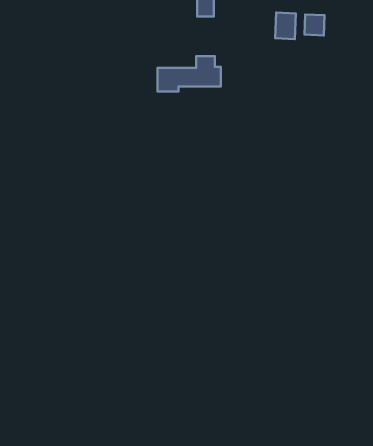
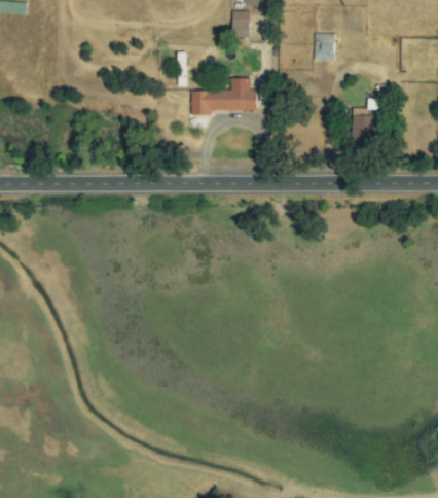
building: [304,14,325,35] -> none
building: none -> [351,108,376,143]

